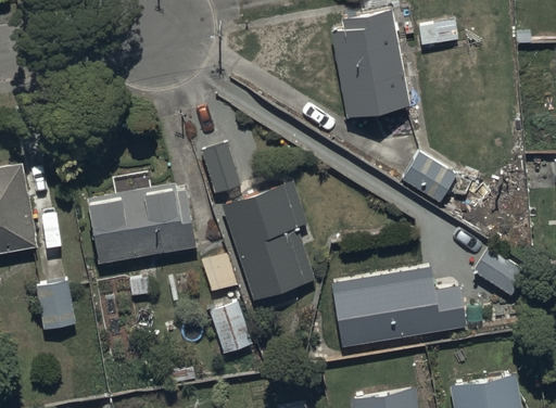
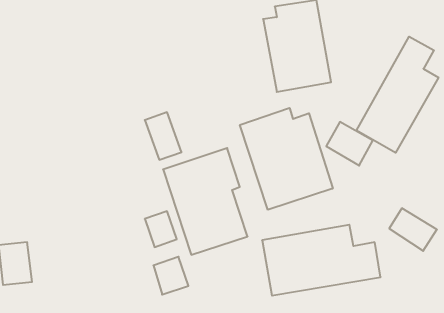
building: none -> [357,37,438,153]
building: none -> [240,108,333,210]
building: [88,180,195,263] -> none

